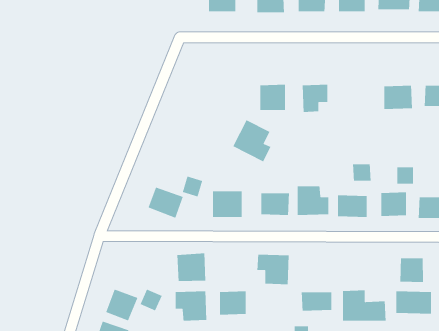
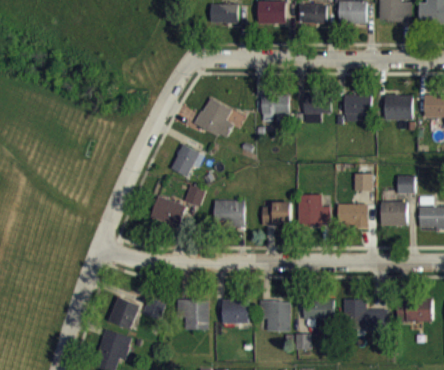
building: none -> [345,95,372,121]
building: [232,119,271,163] -> [195,97,234,140]
building: none -> [171,144,205,177]
building: [177,252,206,282] -> none
building: [256,254,290,285] -> [259,301,292,332]
building: [399,258,424,283] -> none

